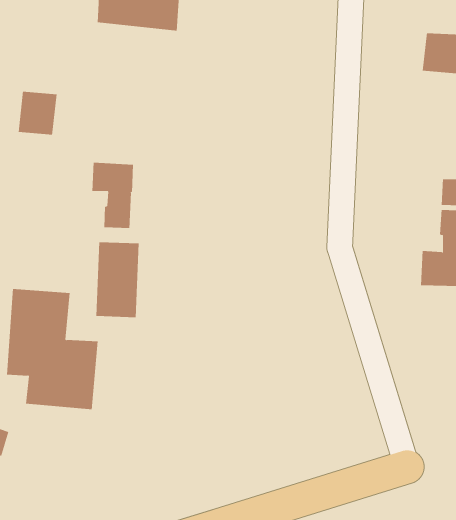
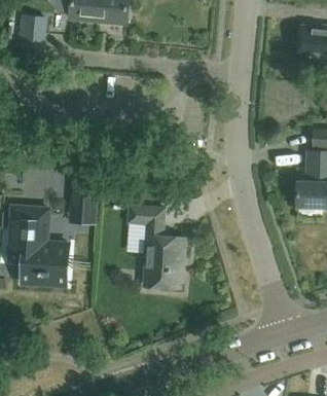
building: [18,91,57,135] -> [19,15,46,46]
building: [92,162,134,229] -> none
building: none -> [128,205,185,287]

